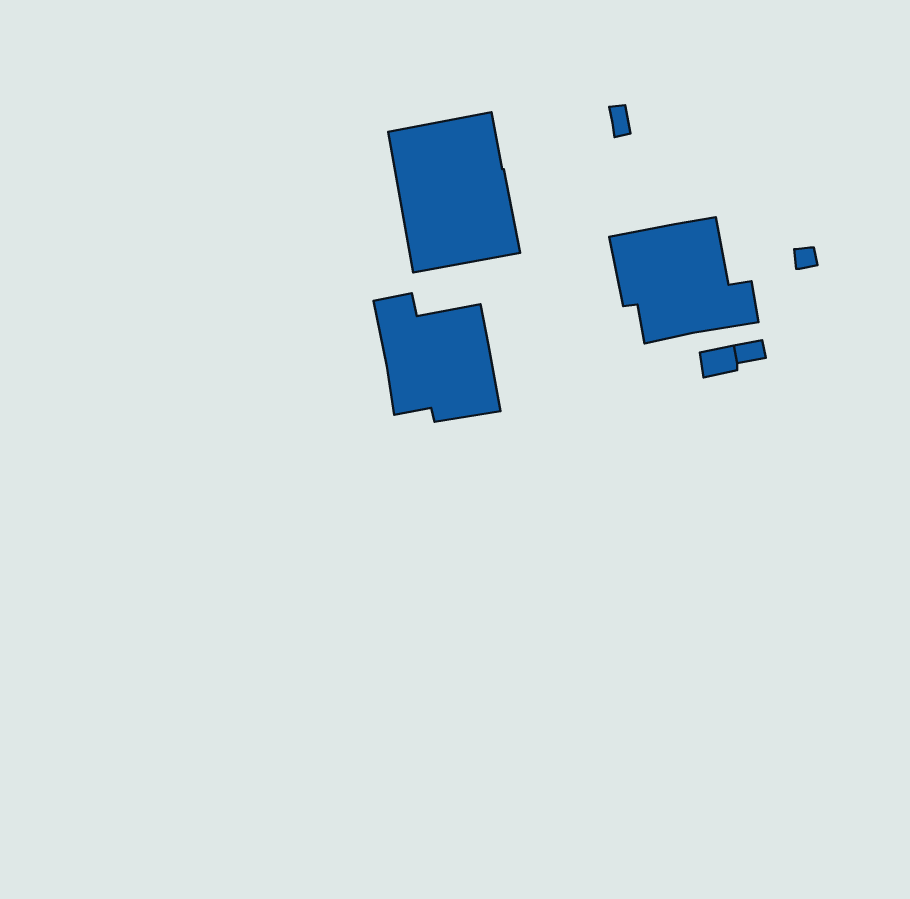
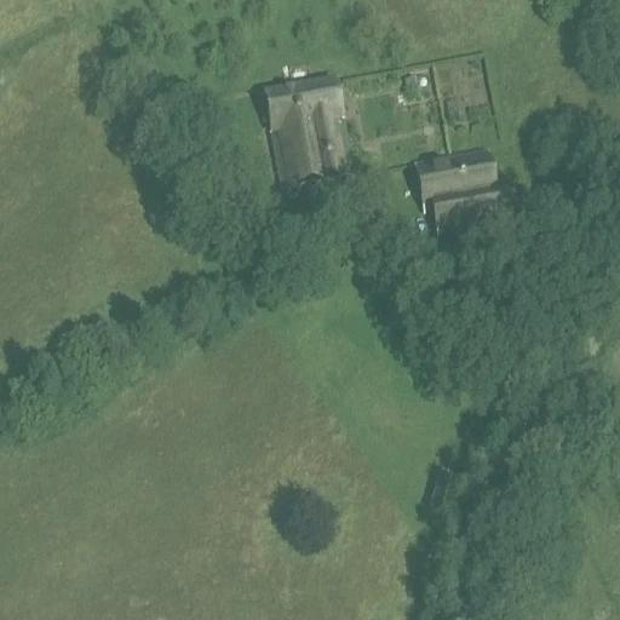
building: [373,293,500,422] -> none

